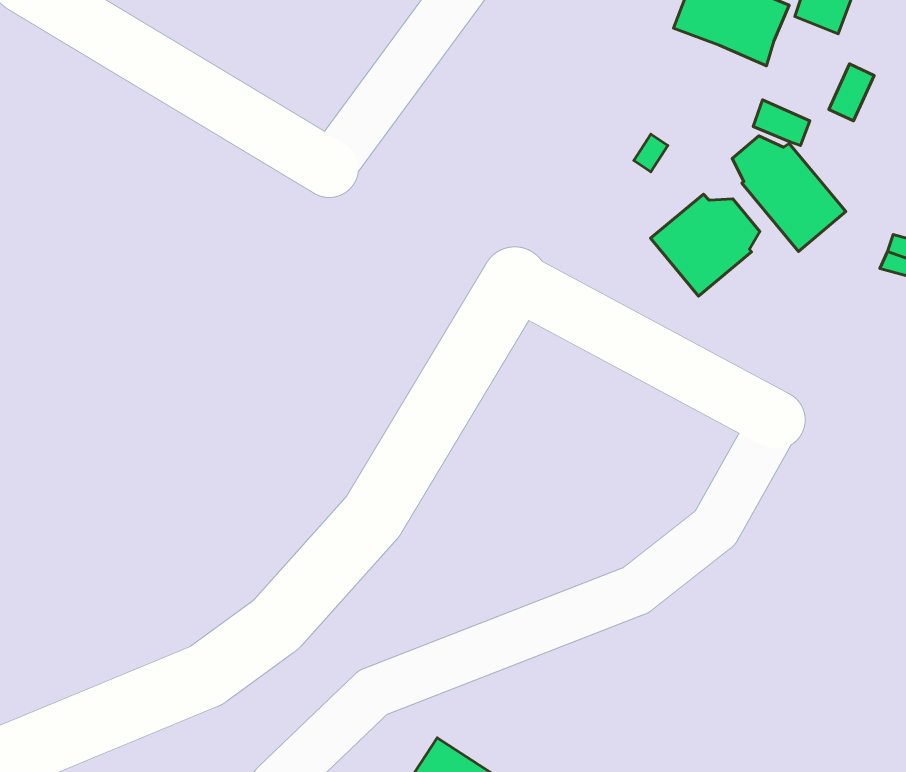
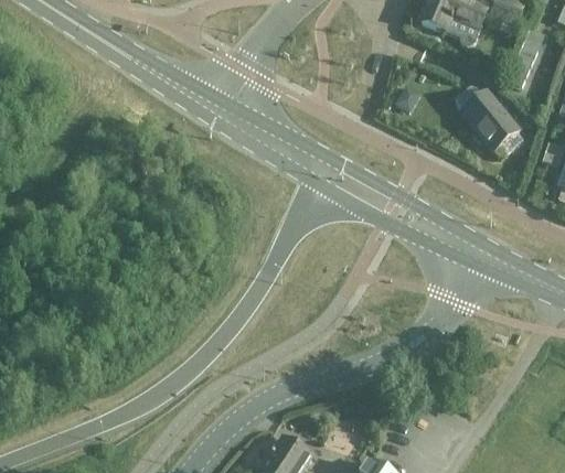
building: [651,194,760,296] -> none

